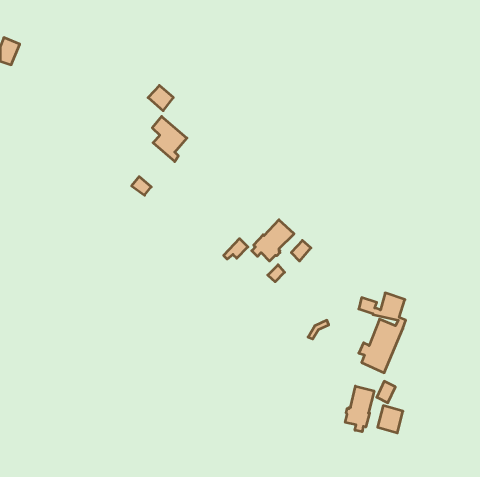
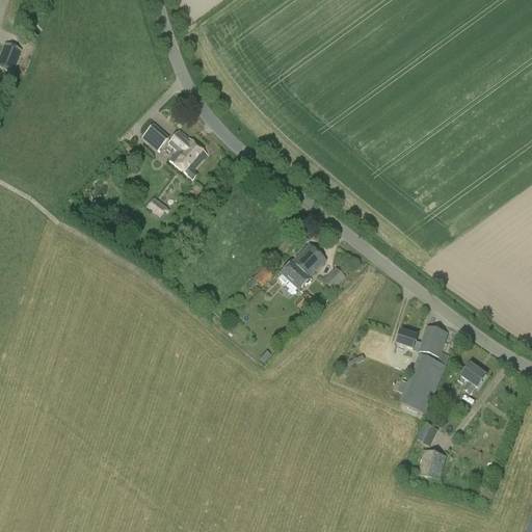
building: [148,85,173,111] -> [140,123,168,151]
building: none -> [461,363,486,394]
building: [345,386,374,432] -> none

